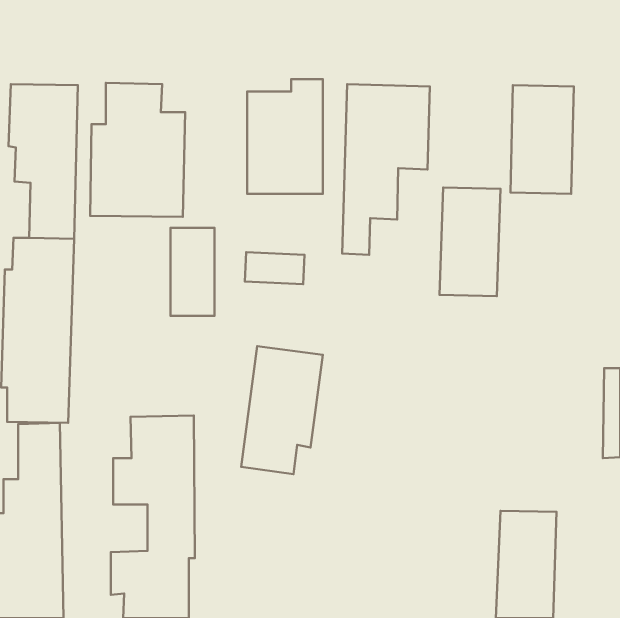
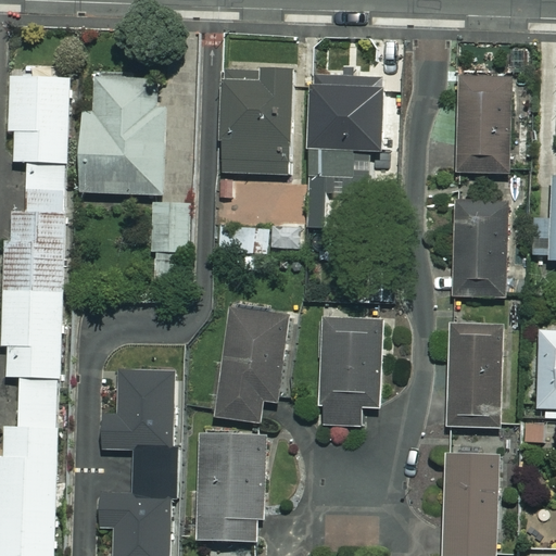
building: [439,188,500,296] -> [451,200,505,296]
building: none -> [321,319,380,424]
building: none -> [448,323,500,427]
building: none -> [195,434,265,542]

